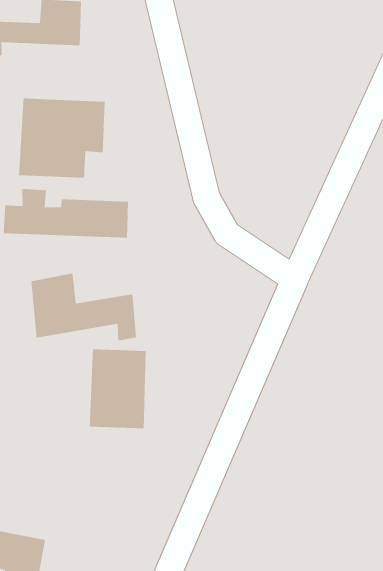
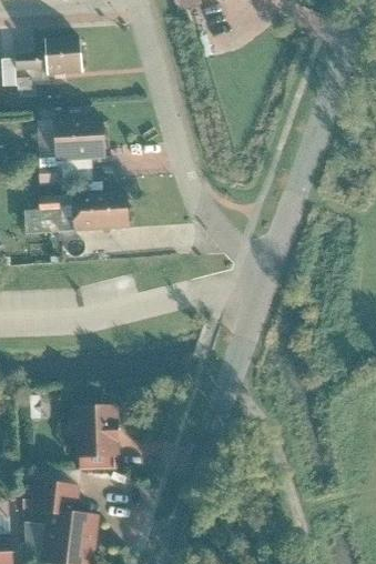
building: [31,272,137,342] -> none
building: [89,349,147,429] -> [73,405,121,472]

